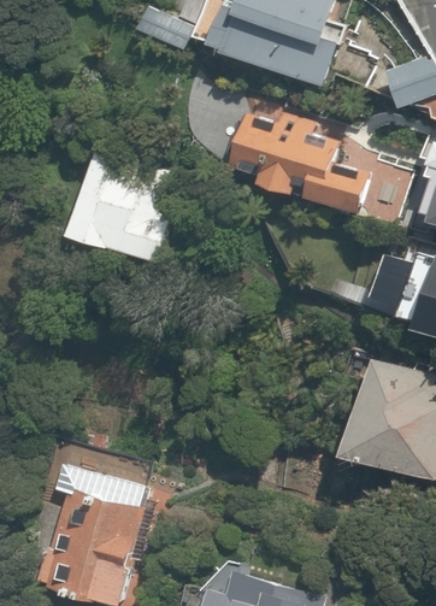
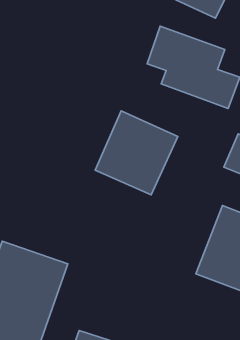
building: [69,147,182,263] -> [95,111,178,195]

